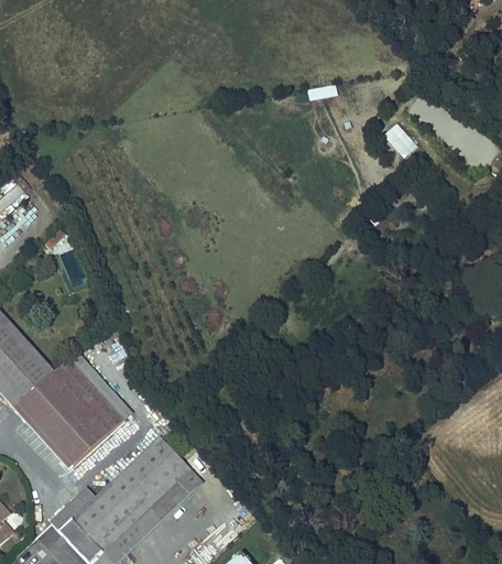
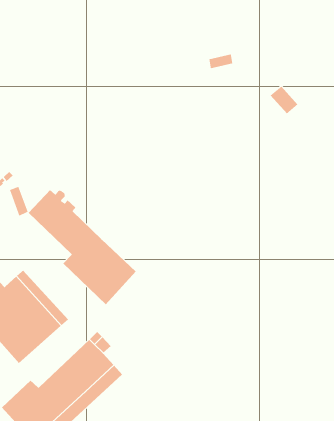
building: none -> [28,189,137,305]

